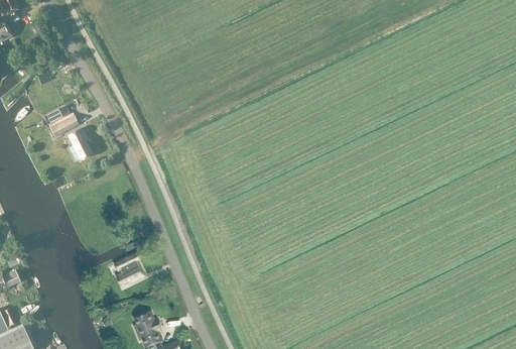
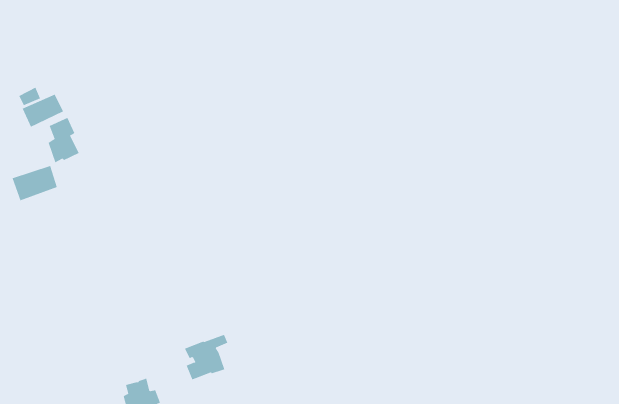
building: none -> [12,165,57,201]
building: [114,250,145,284] -> [184,334,228,380]

